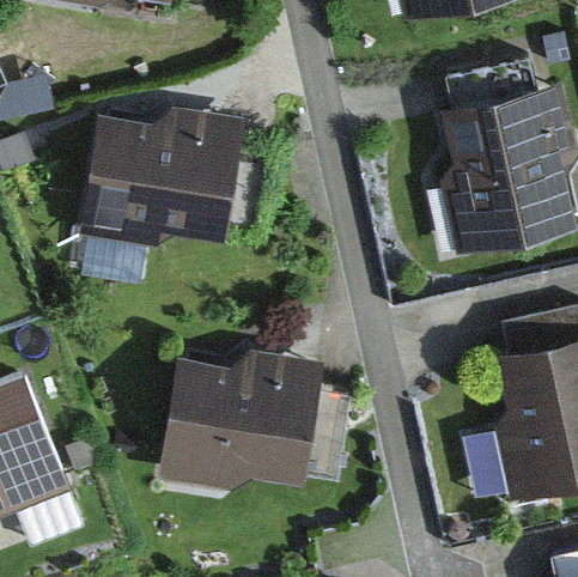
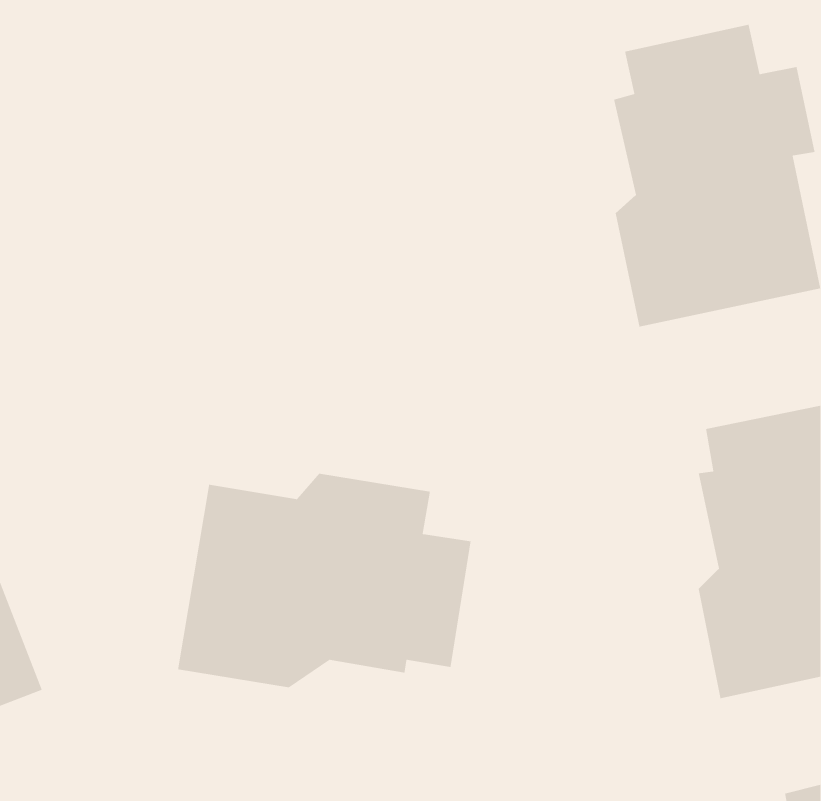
building: [80,107,270,245] -> none

